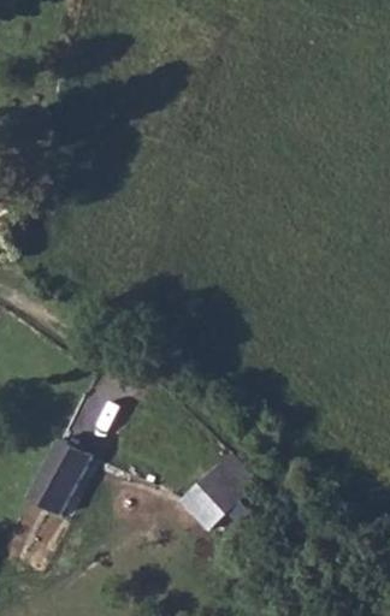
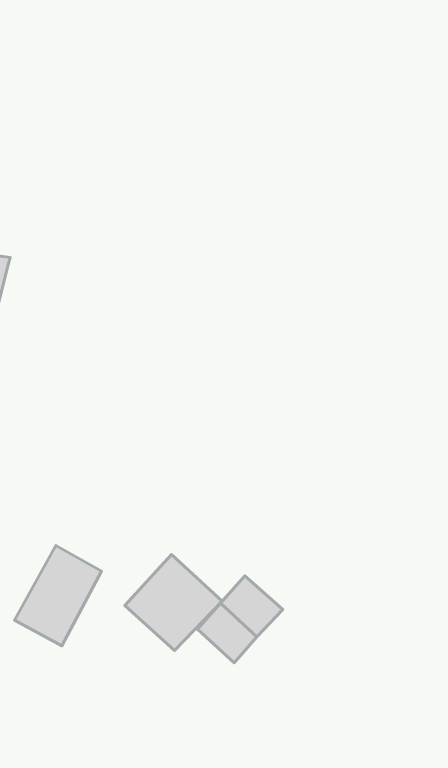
building: none -> [125,554,222,651]

